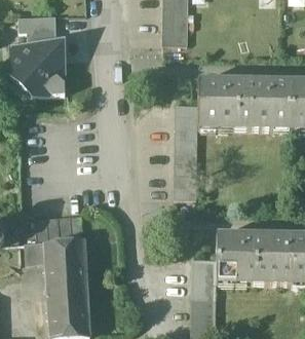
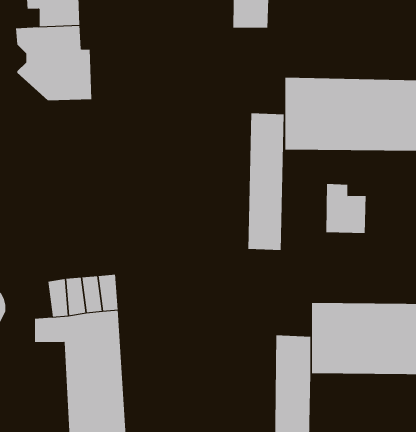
building: none -> [326,183,366,234]

